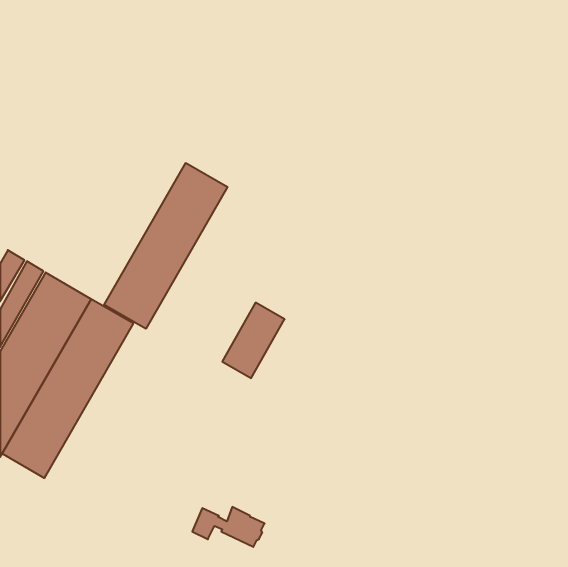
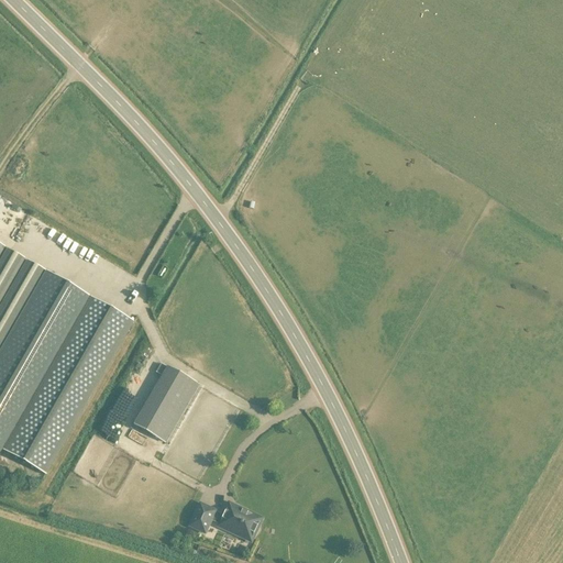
building: [104,163,227,329] -> none
building: [222,303,285,378] -> [133,366,195,441]

